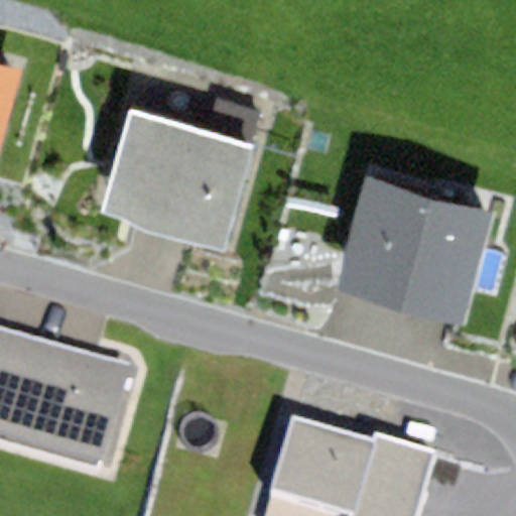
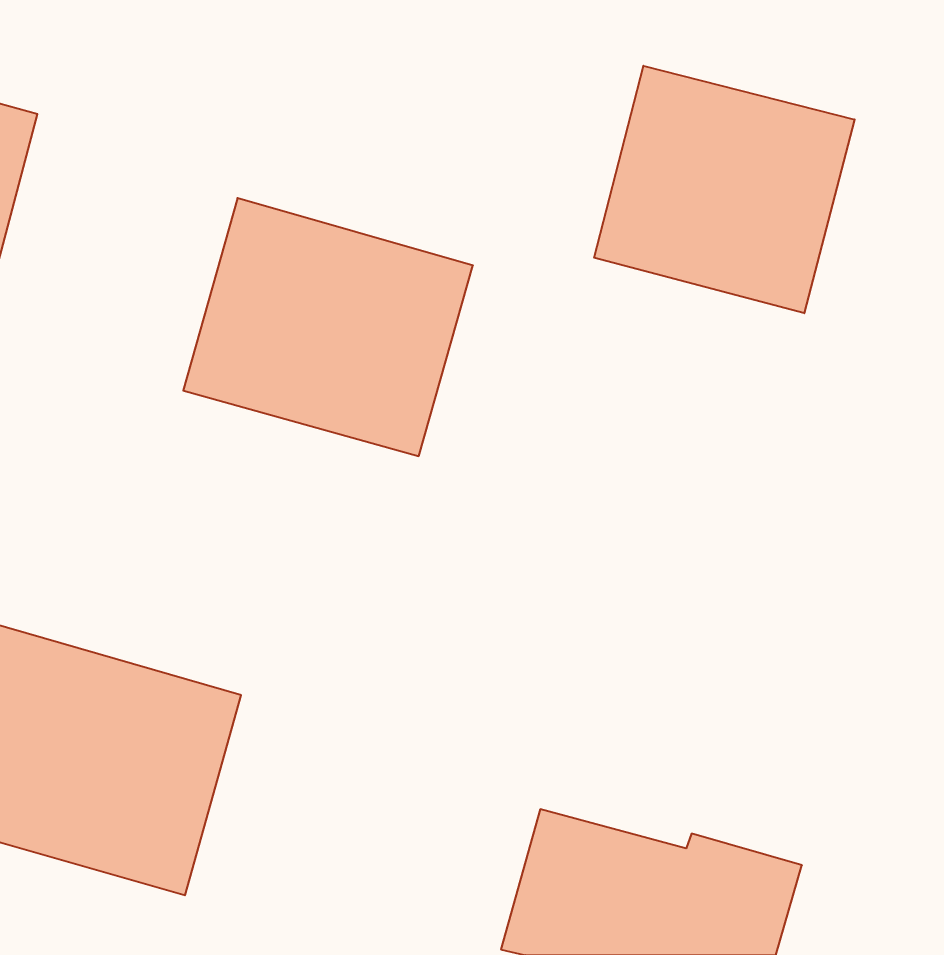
building: none -> [594,66,855,313]
building: [337,176,491,317] -> none

